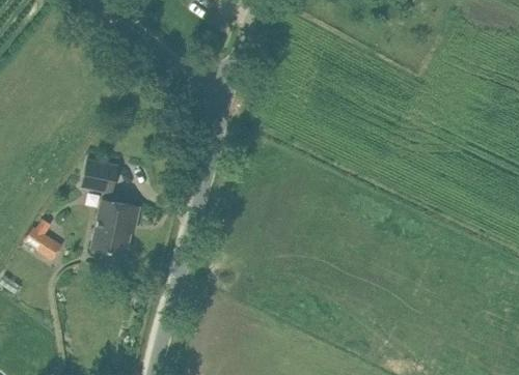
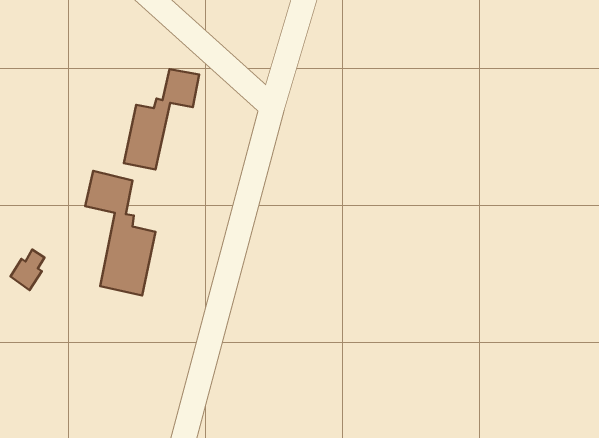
building: none -> [124,69,199,169]

